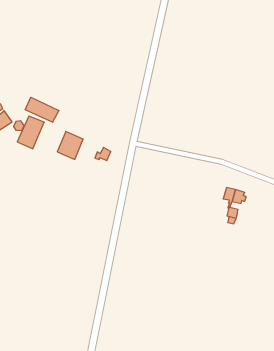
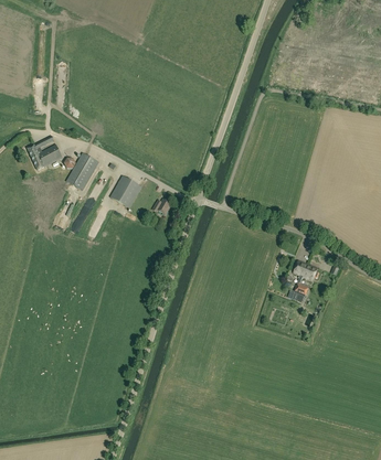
building: [25,97,59,122] -> none

